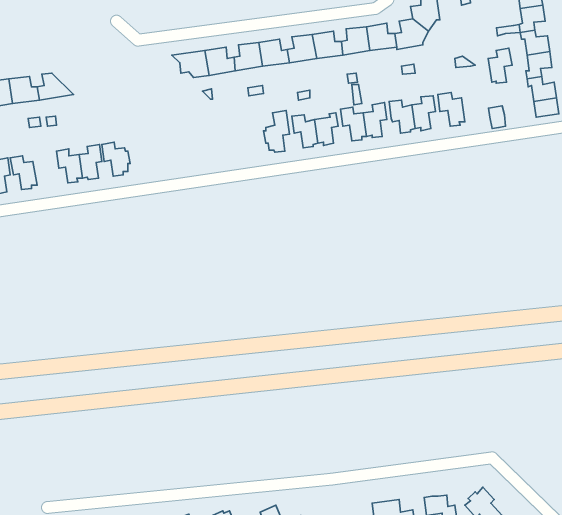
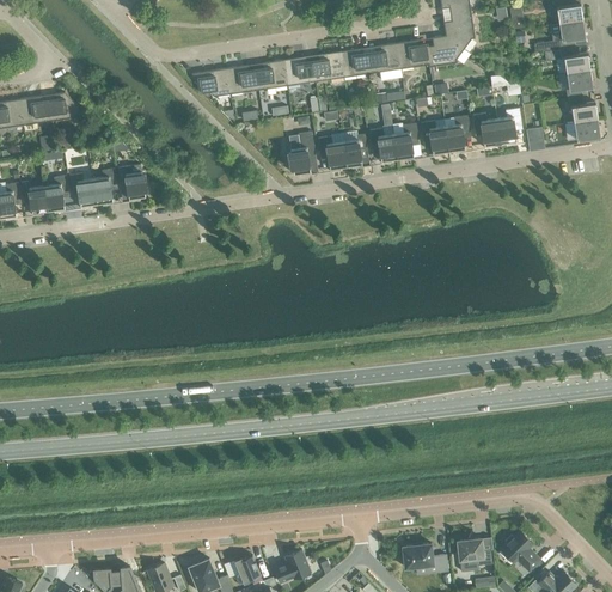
building: [488,48,512,83] -> [496,108,521,145]
building: none -> [43,175,68,213]

